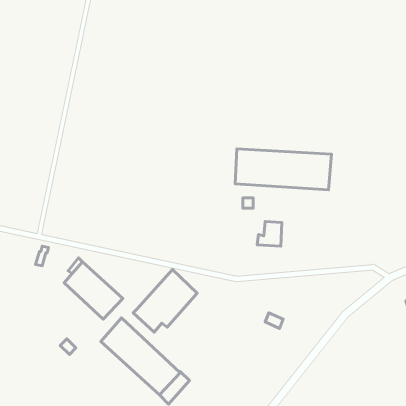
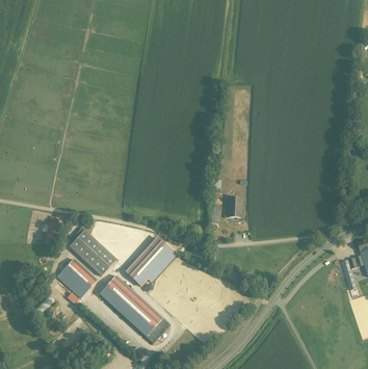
building: [235,149,331,190] -> none
building: none -> [56,259,96,297]

